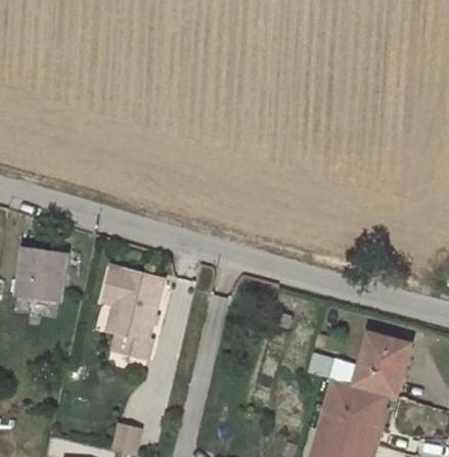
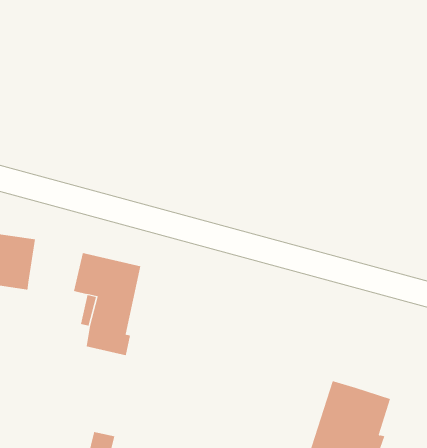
building: [355,336,414,399] -> none

